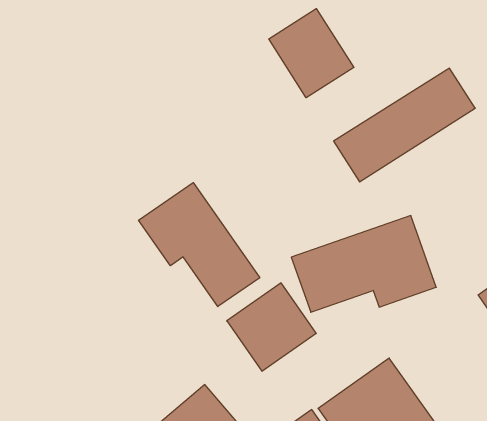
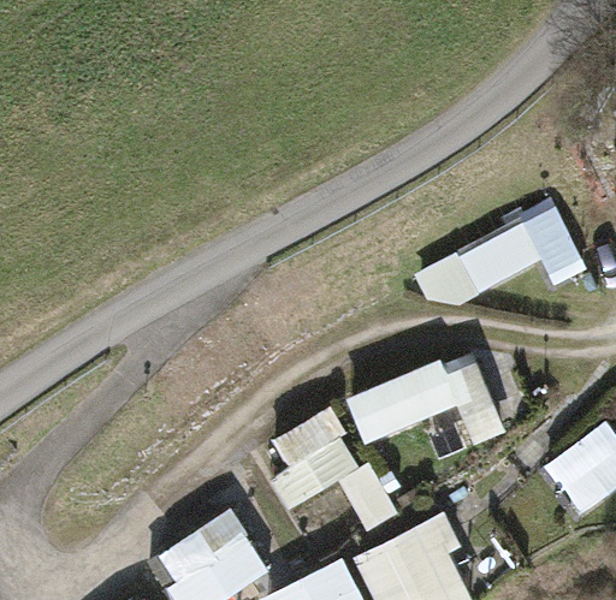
building: [269,9,354,98] -> none
building: [139,183,260,307] -> none

